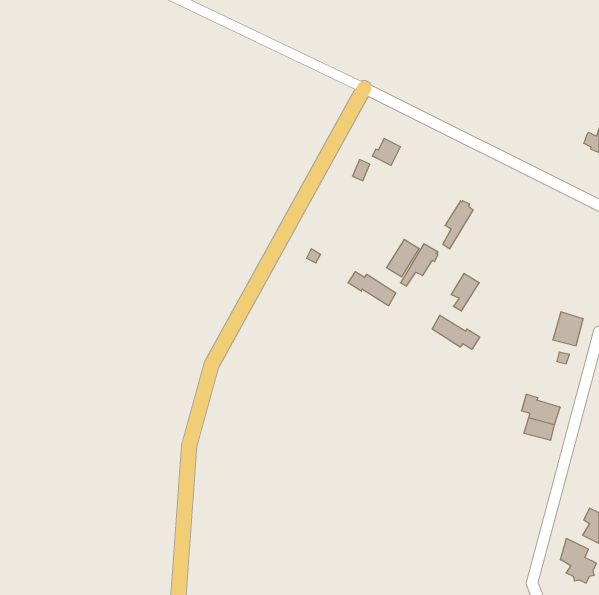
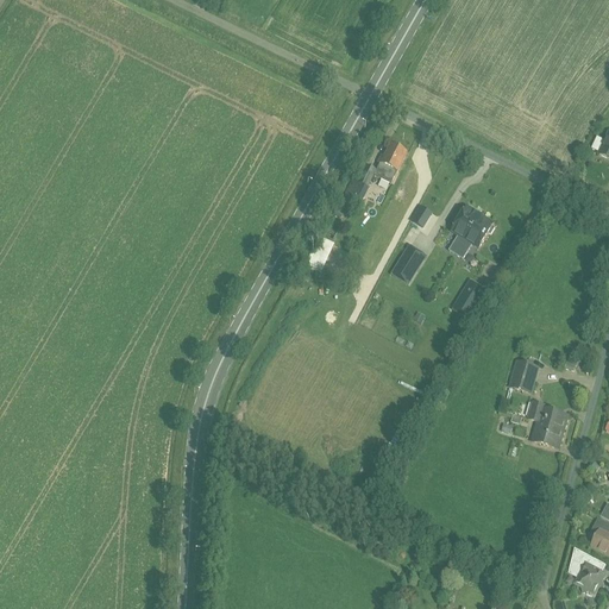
building: [400,244,438,286] -> [456,213,494,256]
building: [348,272,396,306] -> none
building: [553,312,583,346] -> [508,357,539,391]
building: [432,315,480,349] -> none

